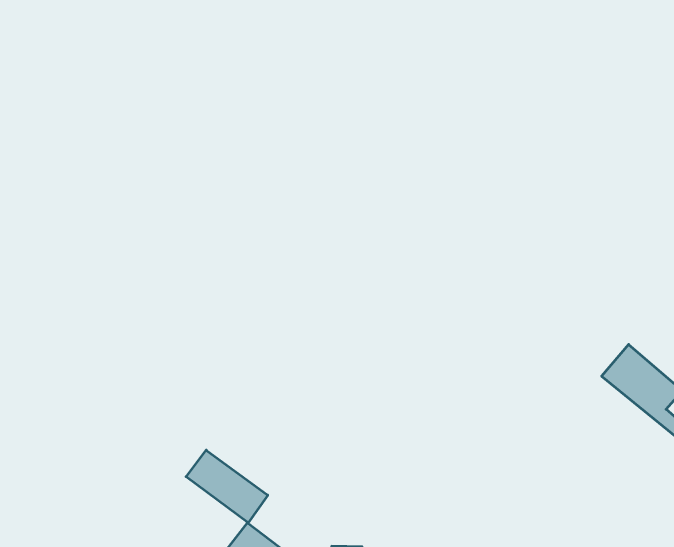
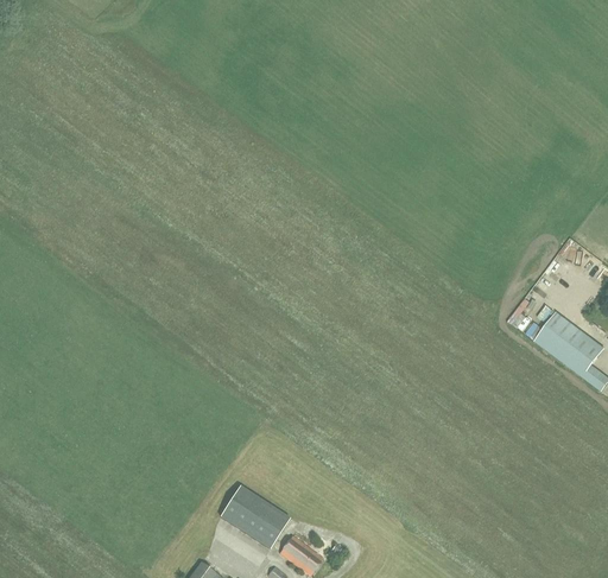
building: [186,450,268,523] -> none

